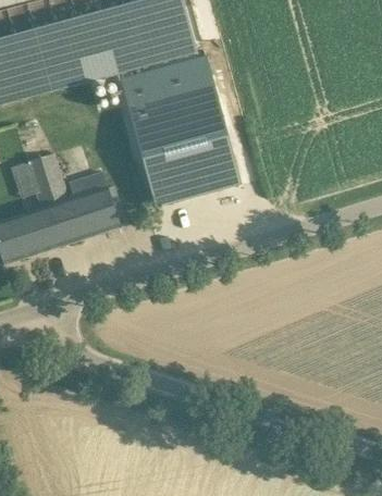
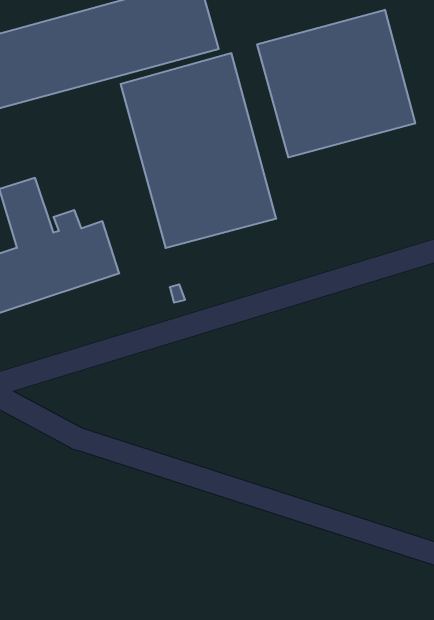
building: none -> [257,10,415,157]

